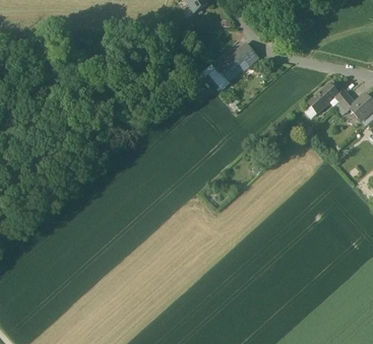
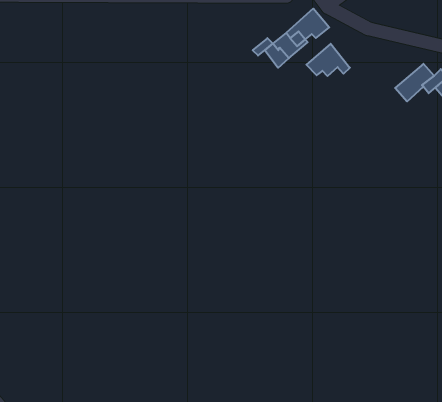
building: none -> [306,44,350,76]

